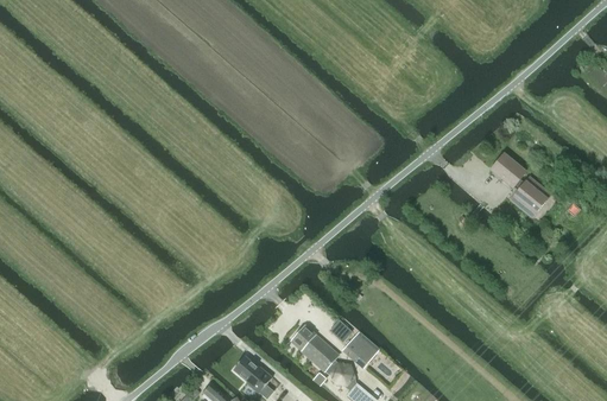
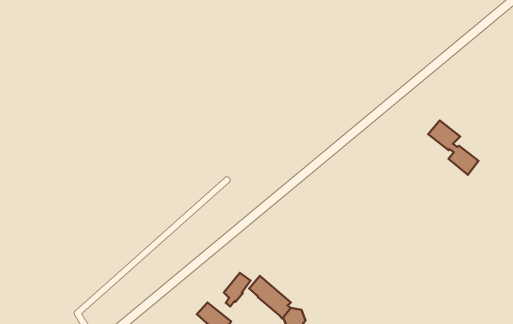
building: none -> [224,273,250,307]
building: [342,330,380,368] -> none

